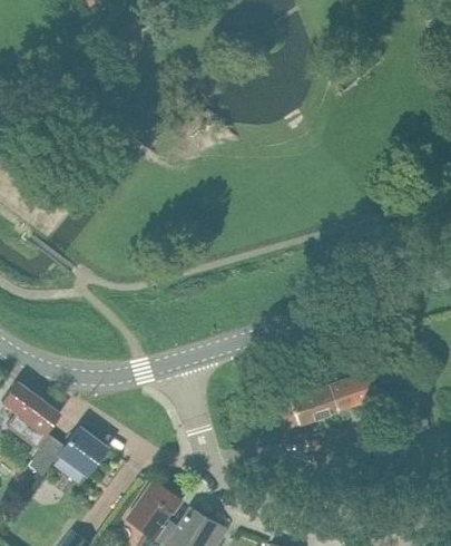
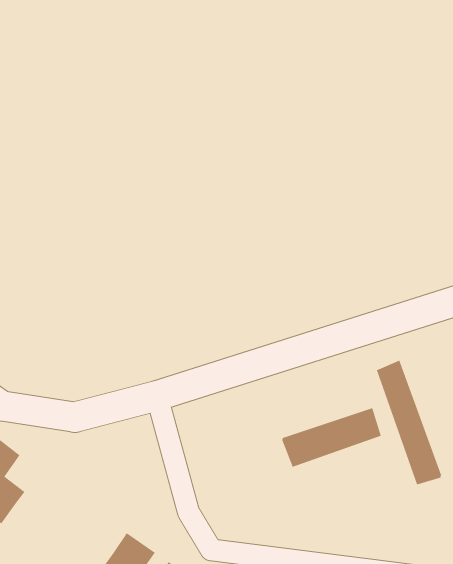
building: none -> [376,360,442,485]
building: [57,427,107,475] -> none

